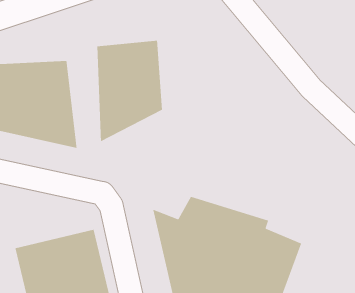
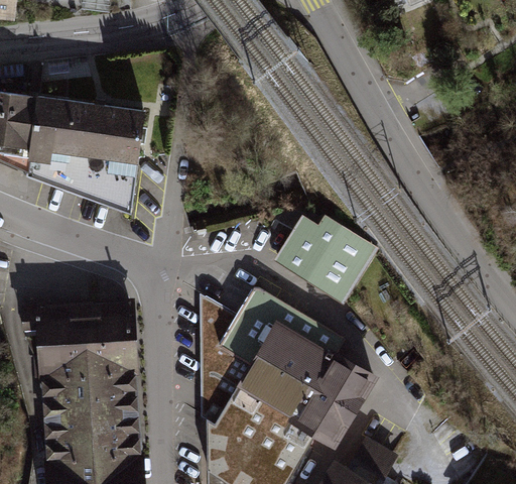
building: [96,40,163,142] -> none
building: none -> [277,212,372,297]

